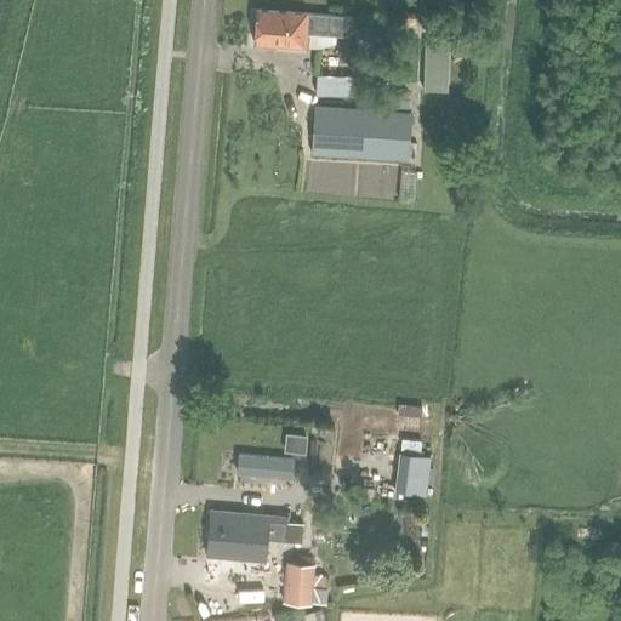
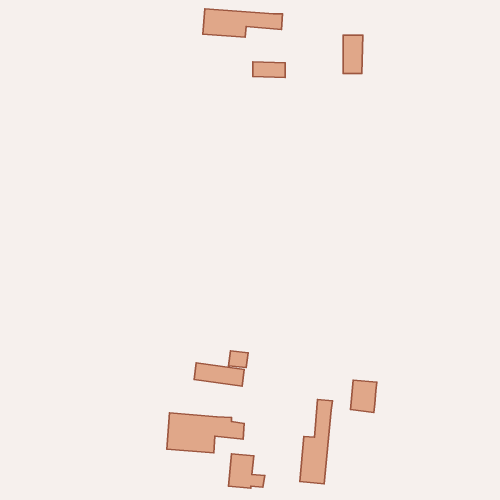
building: [310,106,409,161] -> none
building: [397,456,429,496] -> [350,380,377,413]
building: none -> [300,399,333,484]

